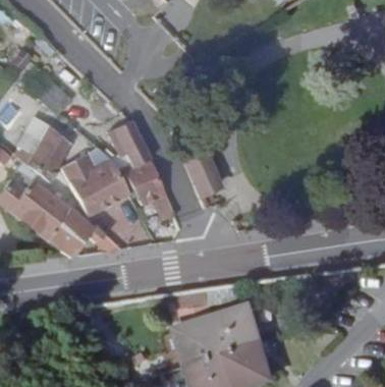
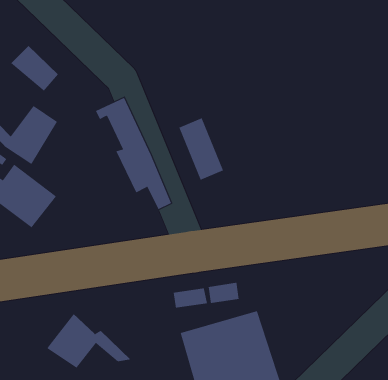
building: [60,153,127,215] -> none
building: [43,208,119,258] -> [47,313,131,369]

